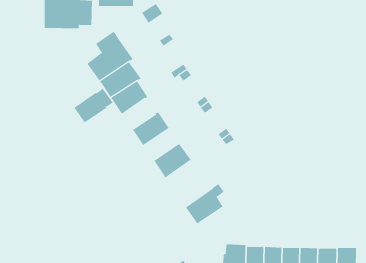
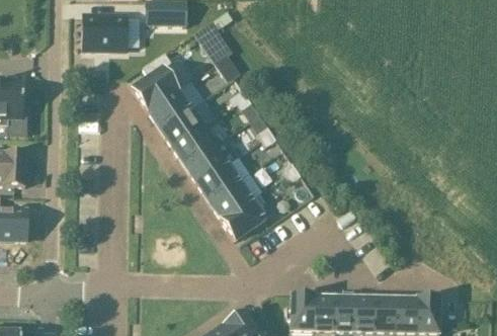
building: [73,87,113,123] -> [171,122,217,163]
building: none -> [195,161,237,198]
building: [185,183,225,224] -> [220,191,264,238]

